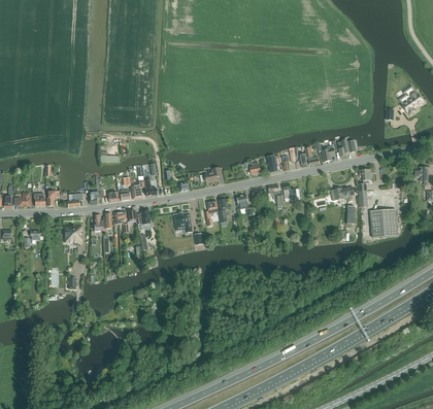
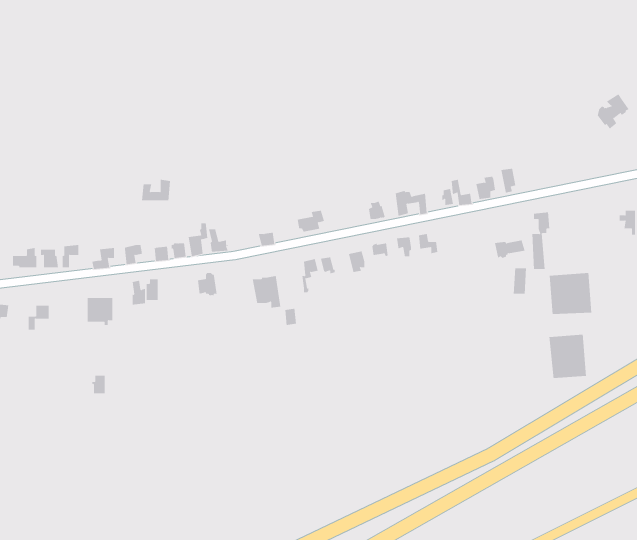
building: none -> [549,334,586,379]

